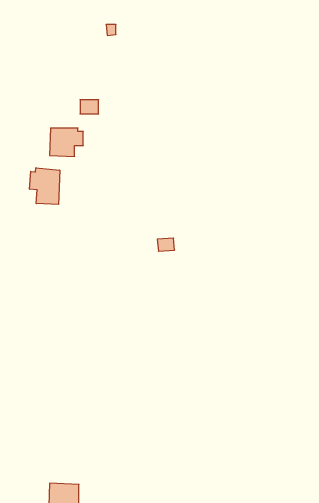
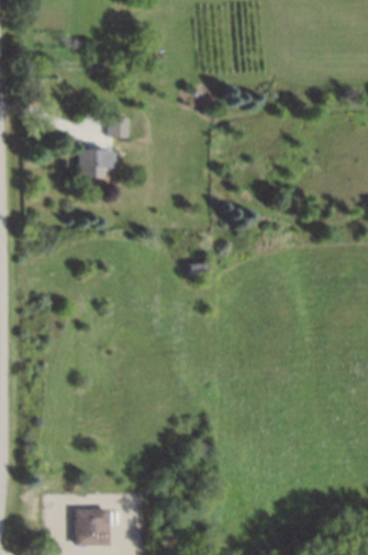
building: [30,168,60,204] -> none

